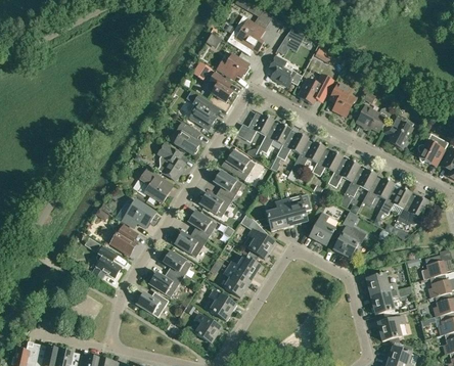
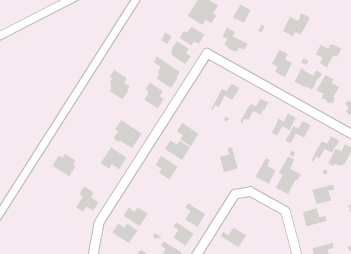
building: [299,74,333,103] -> [282,12,311,37]
building: none -> [315,43,342,68]
building: [236,113,274,142] -> none
building: [276,132,309,159] -> none
building: [158,143,185,180] -> [109,69,131,100]
building: [226,149,255,181] -> none
building: [312,150,343,176] -> none
building: [362,177,395,205] -> none
building: [282,195,307,226] -> none
building: [248,219,275,259] -> none
building: [107,225,137,255] -> [52,153,77,177]
building: [174,231,207,257] -> none
building: [163,250,191,280] -> none
building: [228,256,261,281] -> [220,227,247,248]
building: [370,289,399,314] -> [311,184,335,204]

